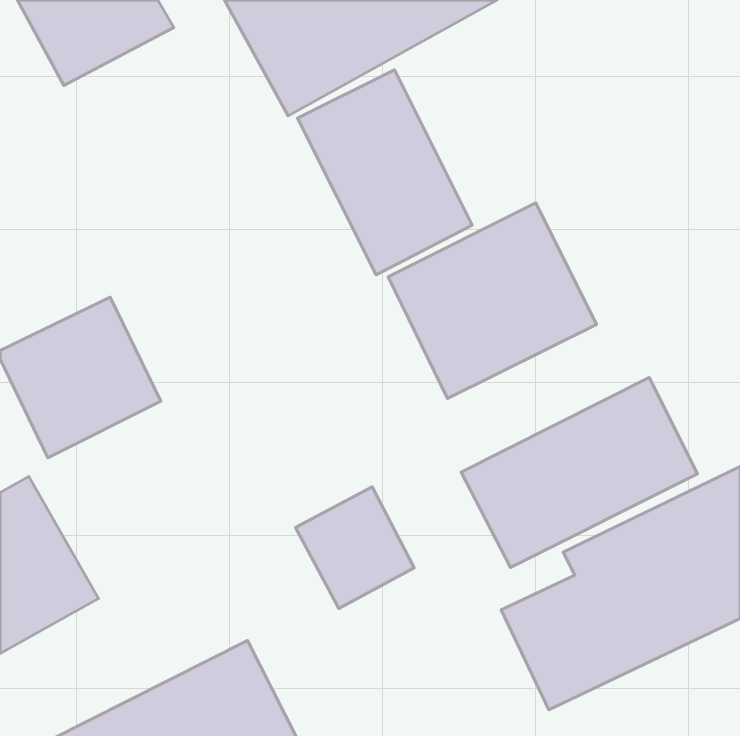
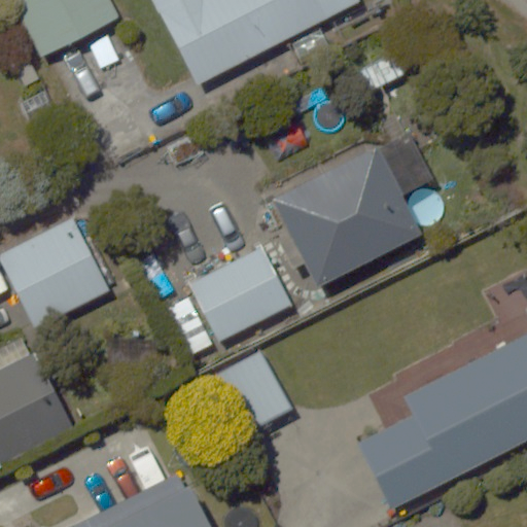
building: [298,70,472,275] -> none
building: none -> [186,244,289,342]
building: [461,378,697,567] -> none

